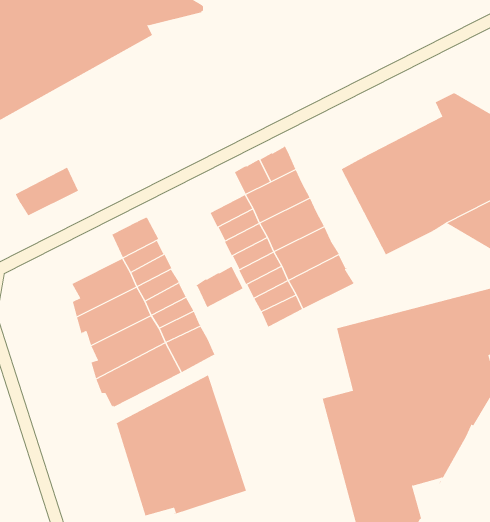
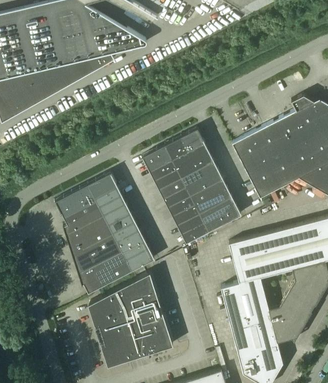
building: [15,167,79,216] -> [55,185,95,216]
building: [196,266,243,308] -> [142,146,172,172]

